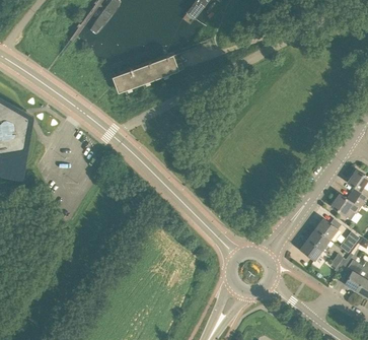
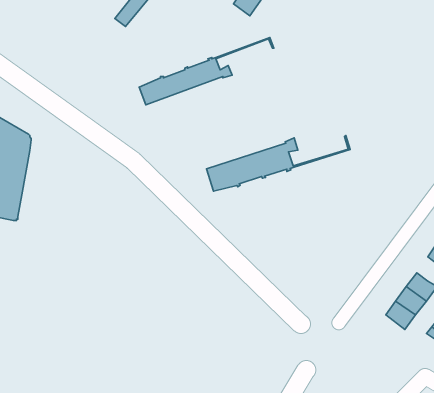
building: none -> [206,136,350,191]

